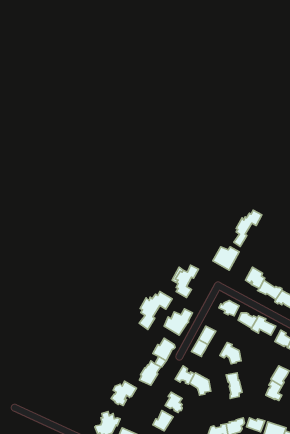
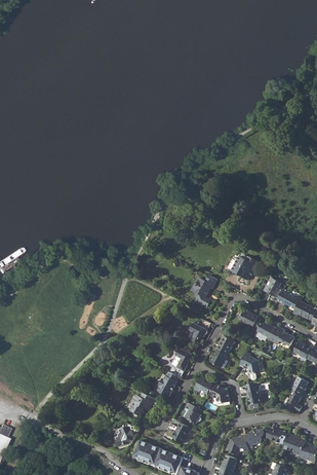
building: [234,210,262,247] -> none
building: [139,291,172,329] -> none

